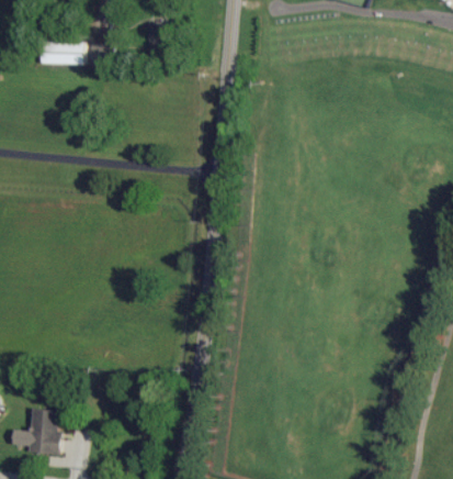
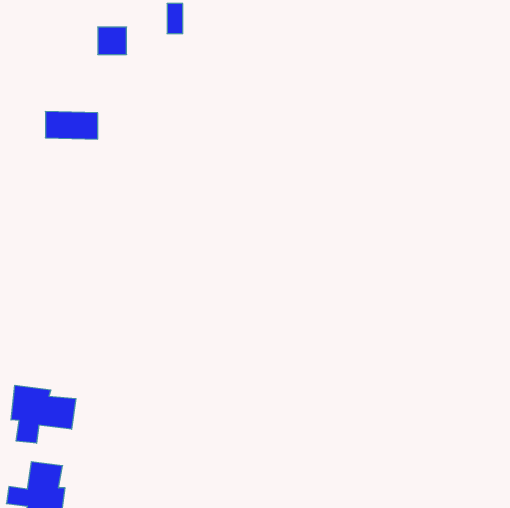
building: [39,42,83,65] -> [45,112,98,139]
building: none -> [11,385,76,443]

